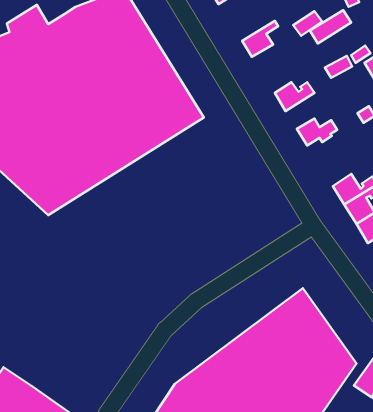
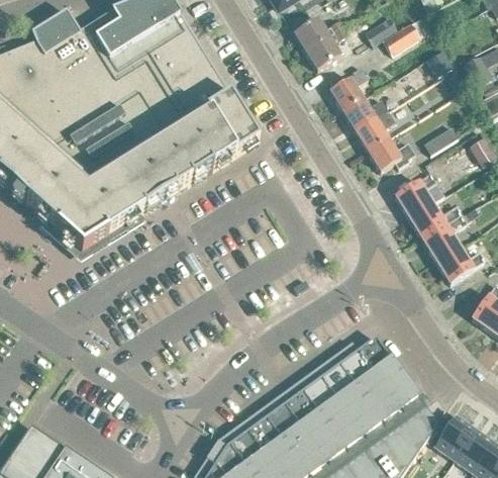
building: none -> [292,16,341,50]
building: none -> [328,66,366,109]
building: none -> [354,109,393,151]
building: none -> [394,173,434,216]

